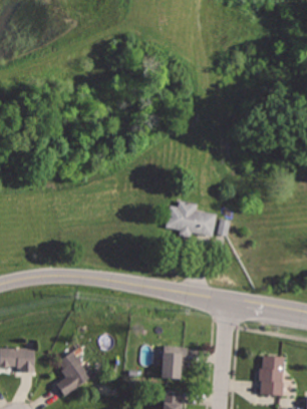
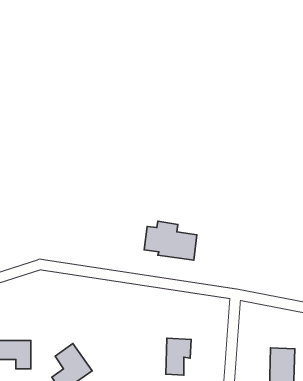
building: [164,201,214,239] -> [144,221,197,260]

